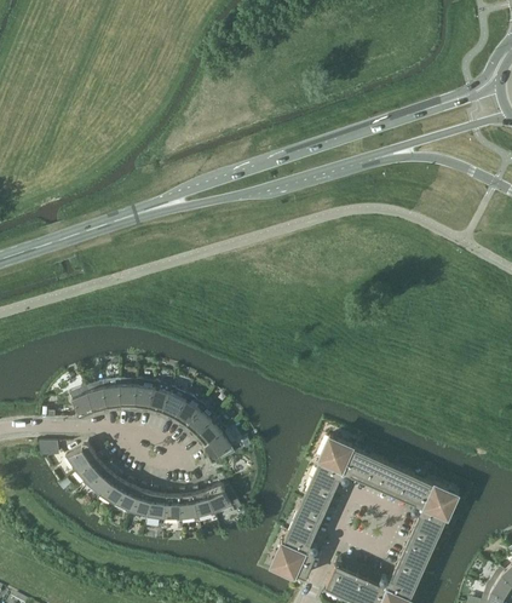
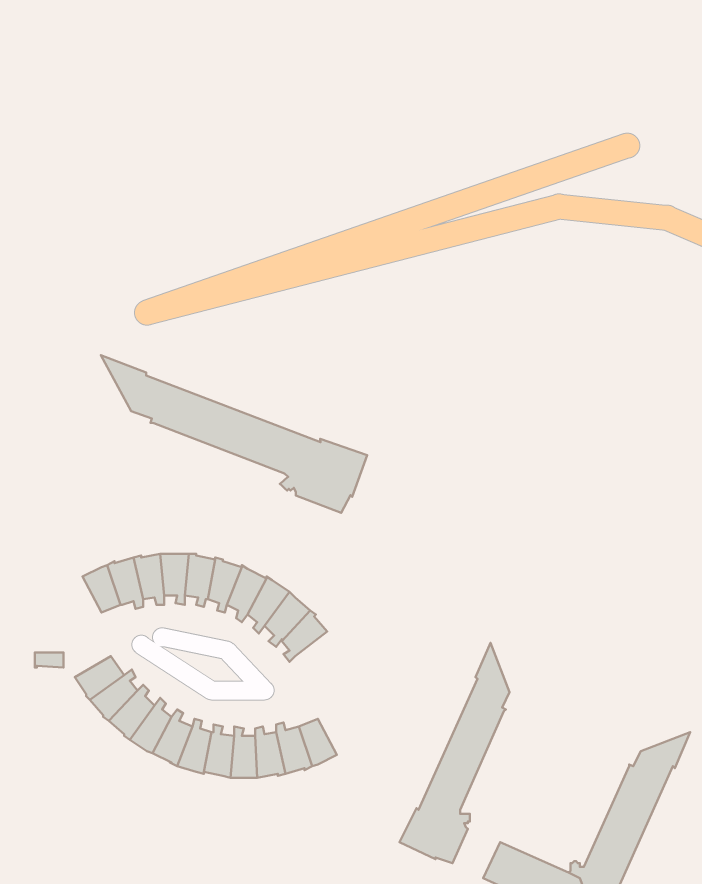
building: none -> [101,355,367,513]
building: [206,429,237,460] -> none
building: [330,437,458,516] -> none

